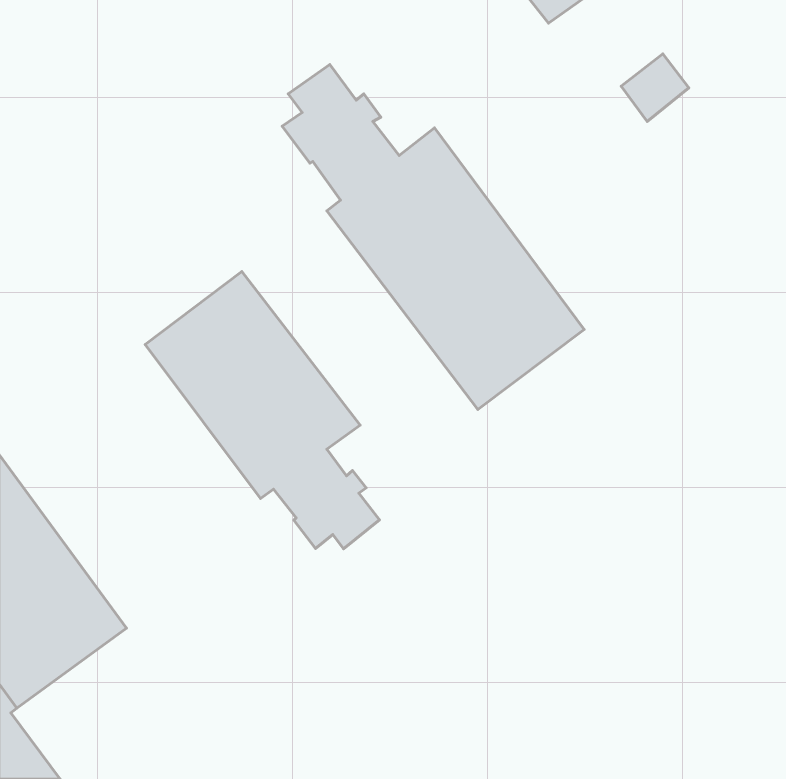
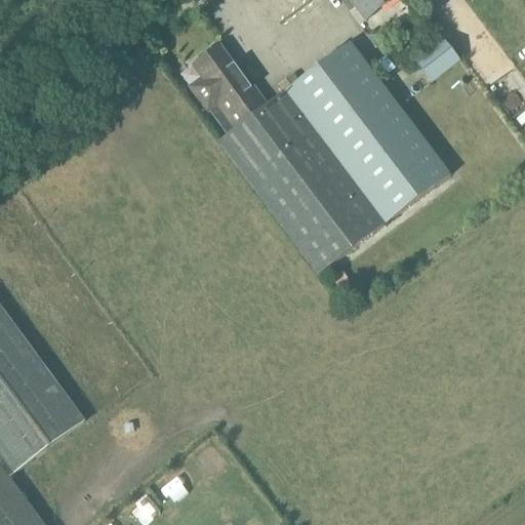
building: none -> [289,39,451,219]
building: [145,272,380,549] -> none

